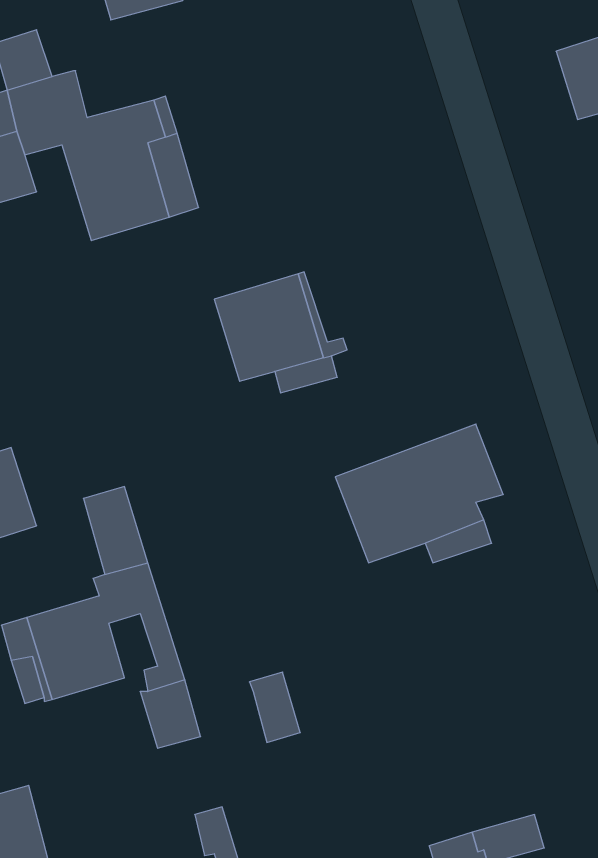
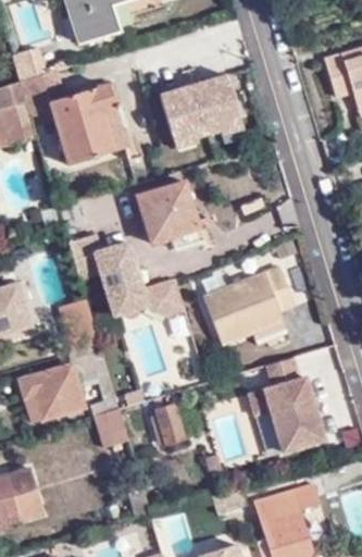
building: none -> [159,70,250,153]
building: none -> [68,235,185,318]
building: none -> [249,376,325,453]

